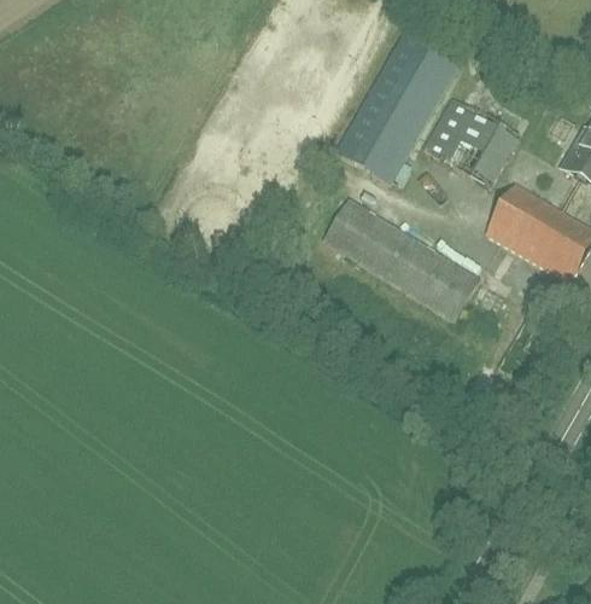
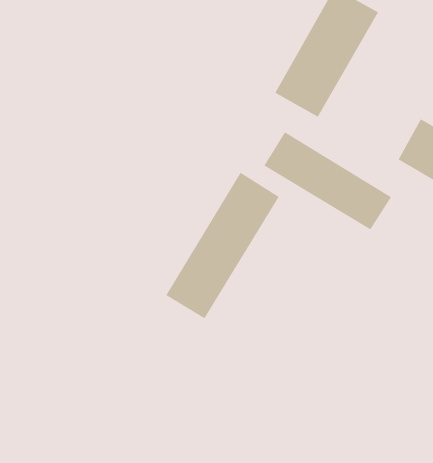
building: [427,97,523,182] -> none
building: none -> [166,172,280,319]

